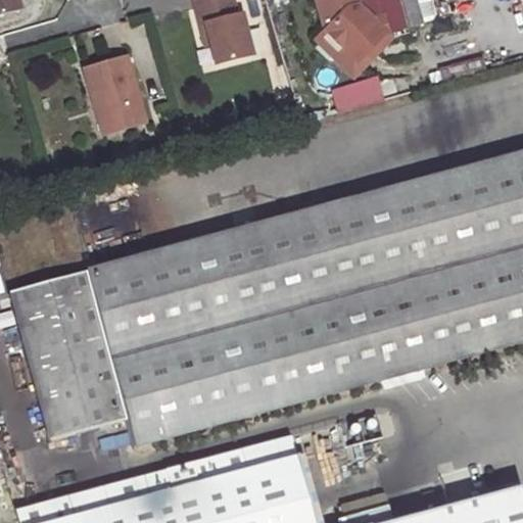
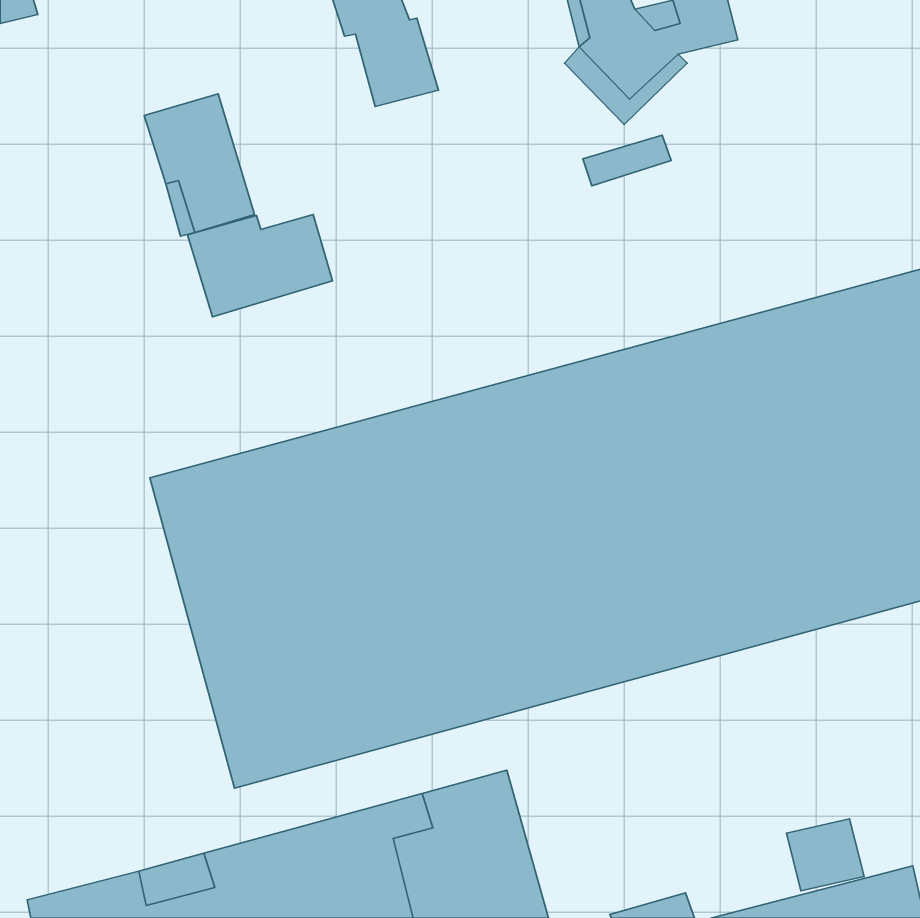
building: none -> [188,214,333,317]
building: [10,271,127,439] -> none

